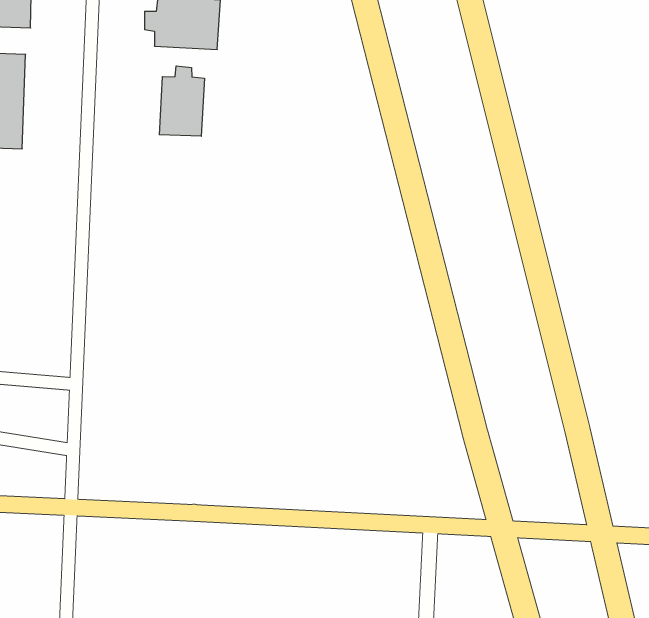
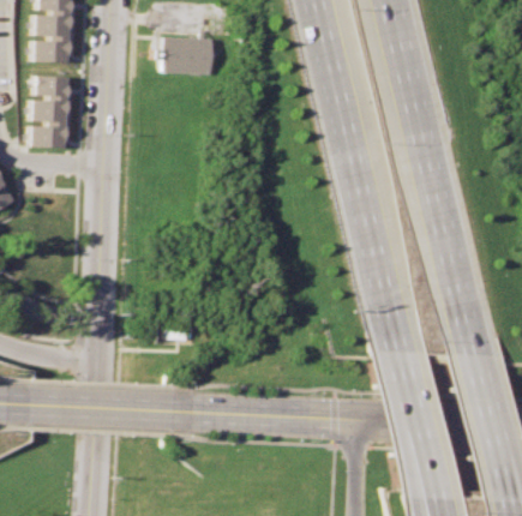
building: [159,66,204,136] -> none

